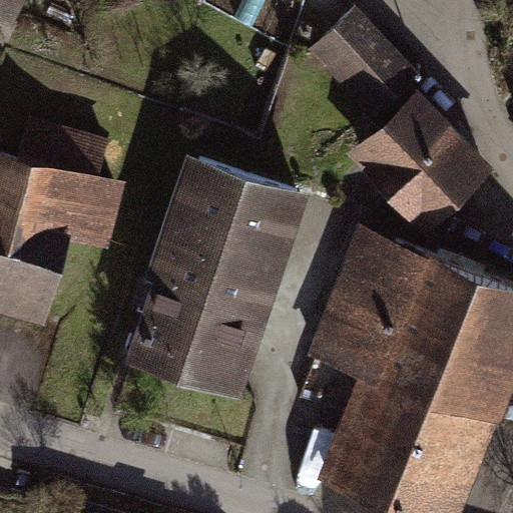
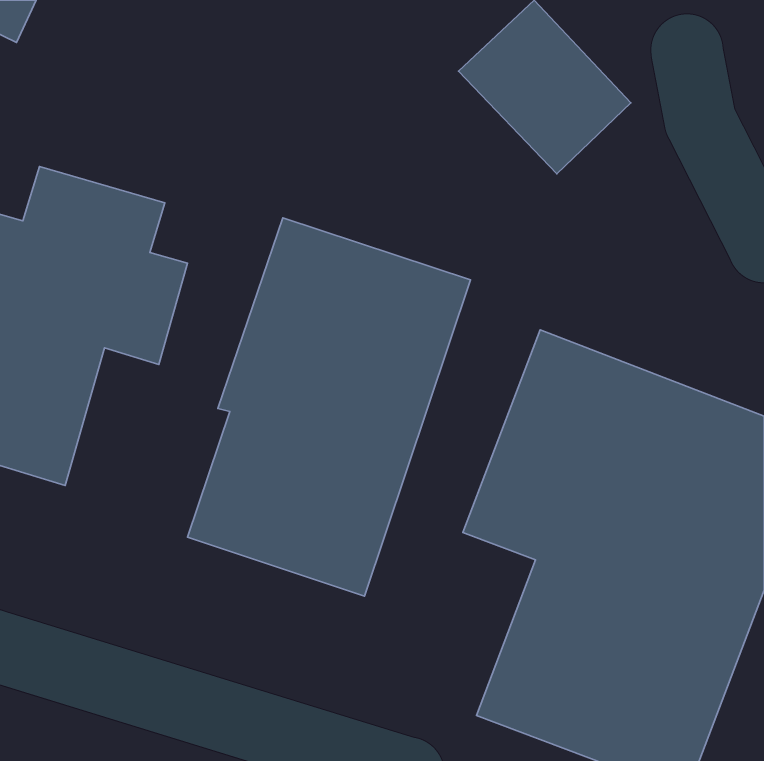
building: [346,89,494,237] -> none

